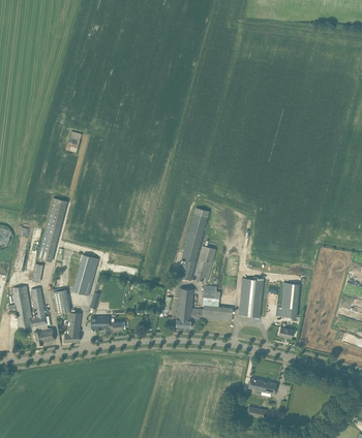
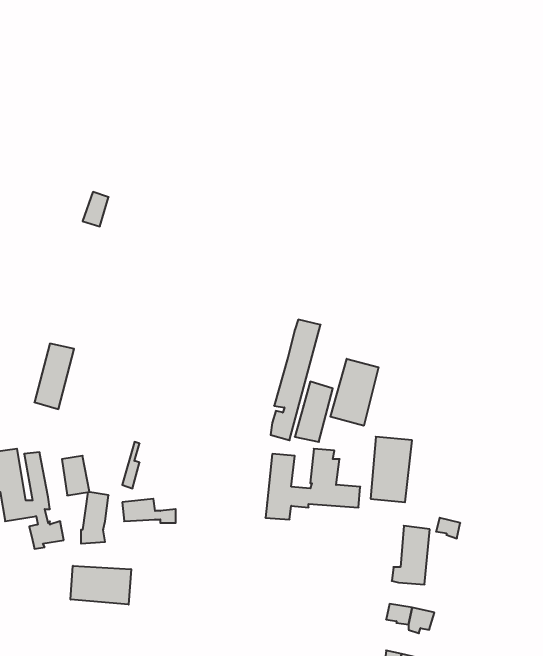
building: none -> [330,359,379,426]
building: [72,254,98,295] -> none
building: [276,282,299,317] -> [392,526,430,584]
building: none -> [71,566,131,605]

